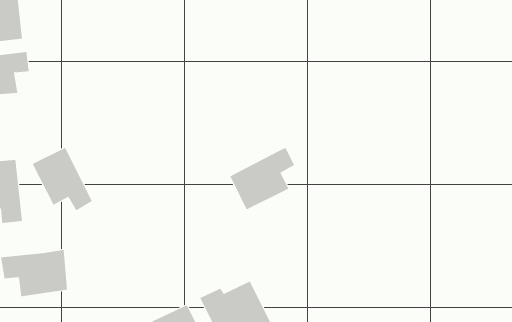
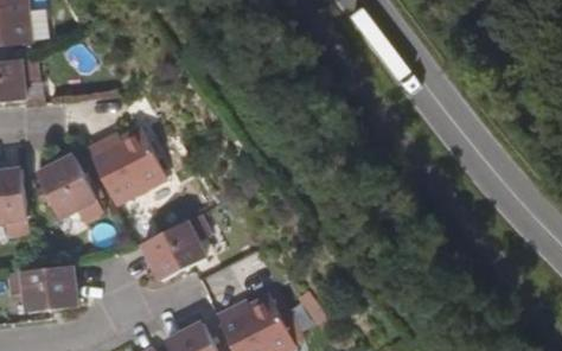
building: none -> [87,129,166,205]
building: [229,147,295,210] -> [141,212,210,279]

